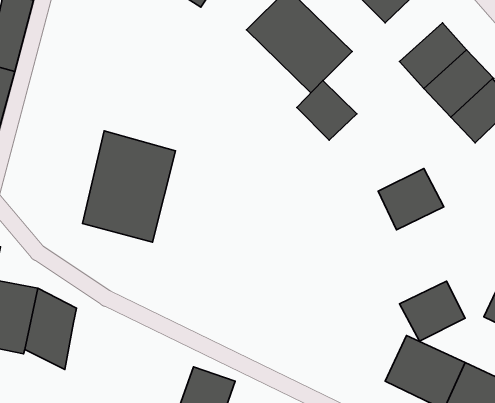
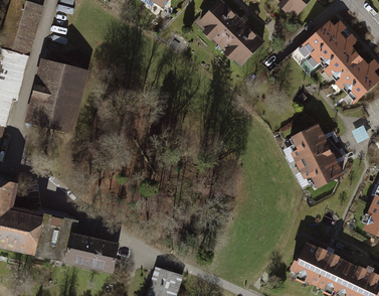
building: [297,81,357,140] -> none
building: [83,131,176,242] -> [23,55,88,134]
building: [399,281,465,341] -> [298,150,344,192]
building: none -> [64,232,118,274]

